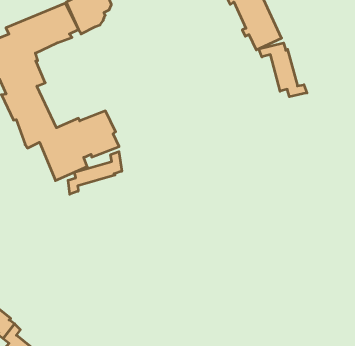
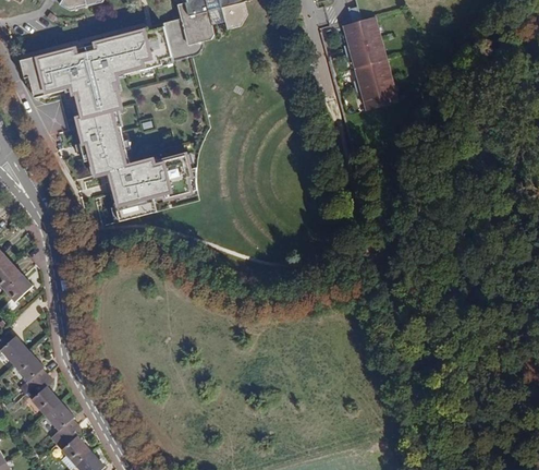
building: [259,43,307,97] -> none
building: [68,152,122,194] -> none

